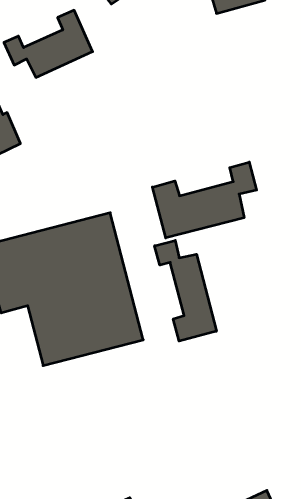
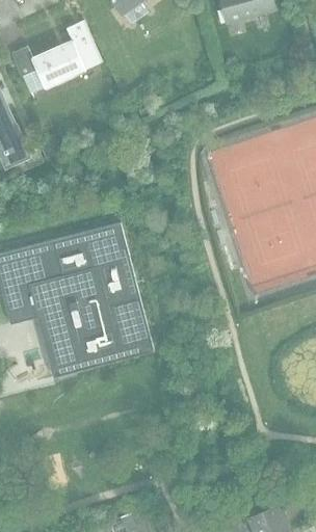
building: [152,162,257,238] -> none
building: [155,240,216,341] -> none

